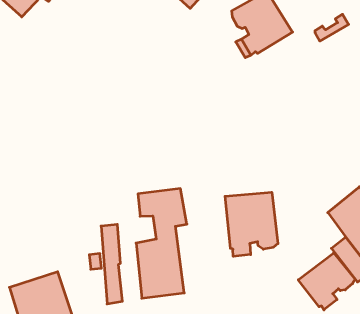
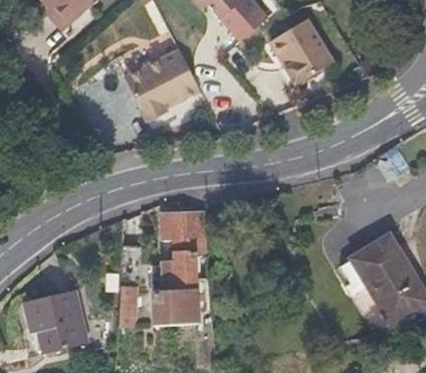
building: none -> [128,51,201,124]
building: [225,192,278,256] -> none
building: [298,253,355,310] -> none

